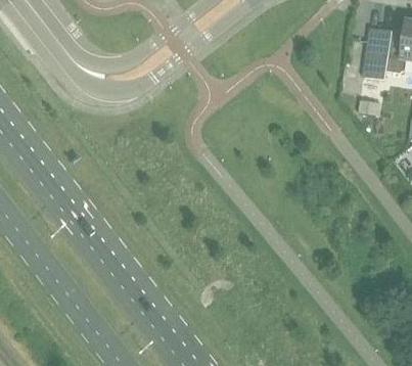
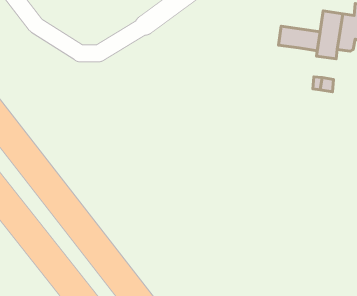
building: none -> [278,26,320,51]

